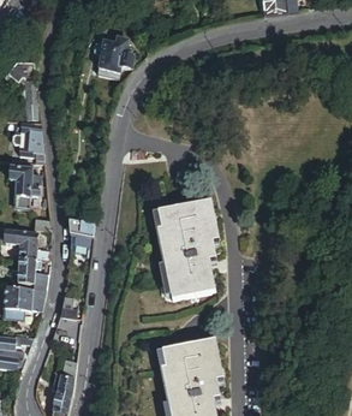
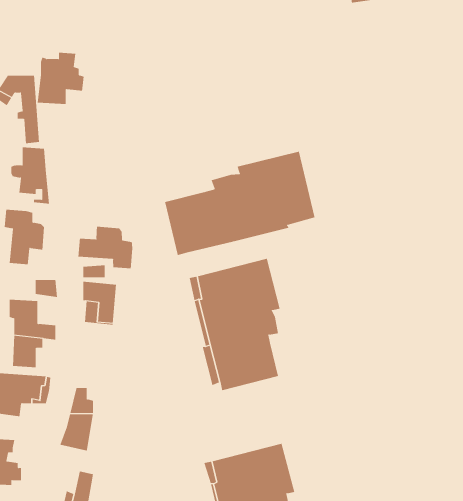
building: [99,38,133,77] -> [37,52,84,104]
building: none -> [164,151,315,256]
building: none -> [78,226,133,269]

